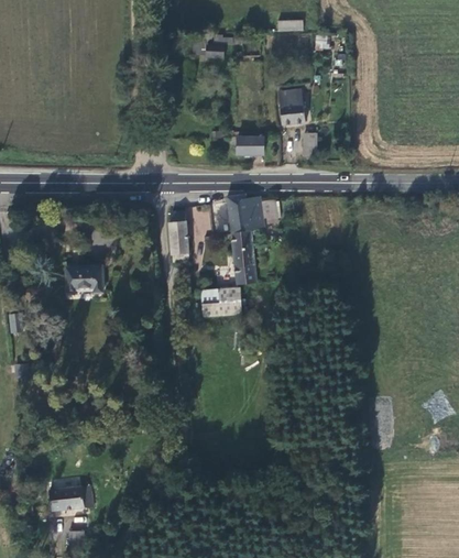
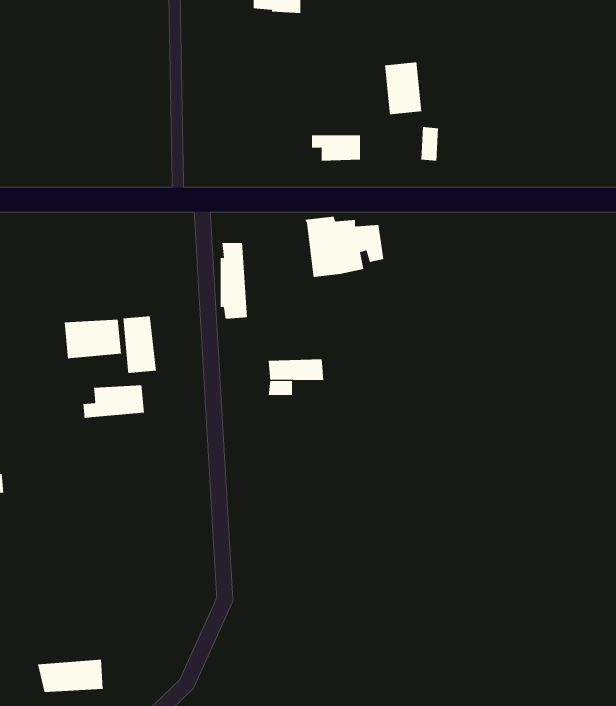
building: [231,232,258,285] -> none
building: none -> [123,316,156,374]
building: none -> [83,385,144,419]

